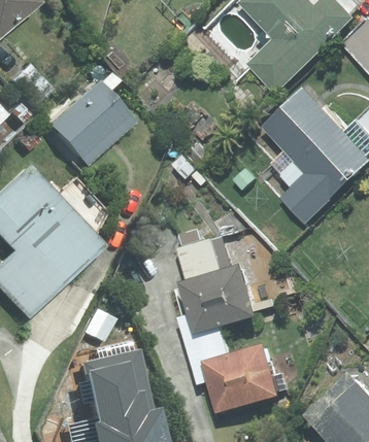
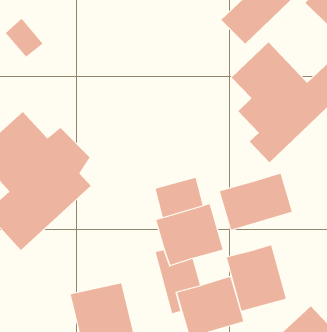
building: [52,73,137,165] -> none
building: none -> [219,173,293,230]
building: none -> [226,244,286,312]

